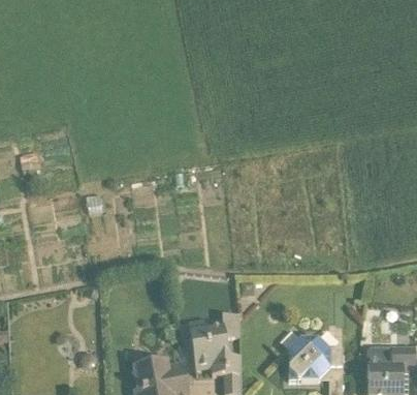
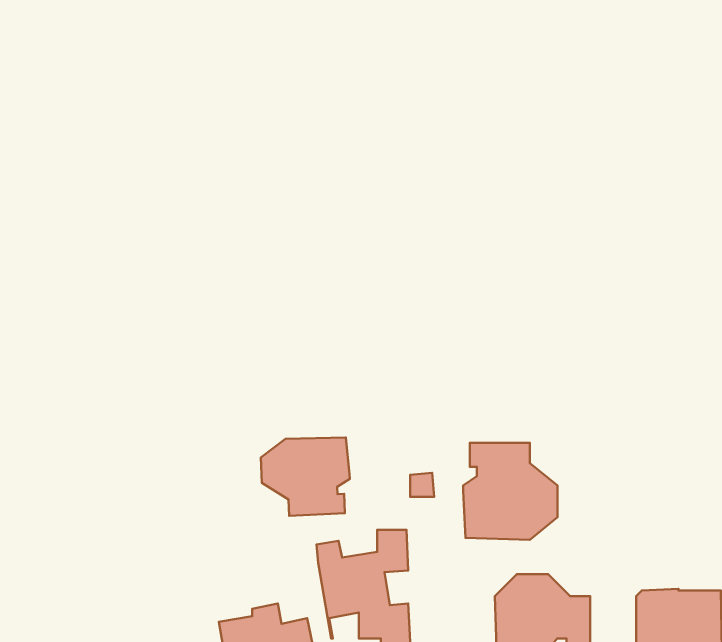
building: none -> [261,437,350,516]
building: none -> [463,443,557,540]

